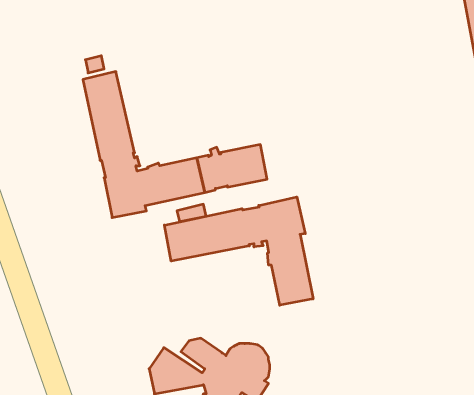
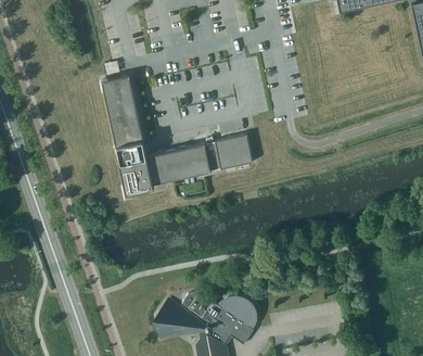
building: [164,197,313,305] -> none

